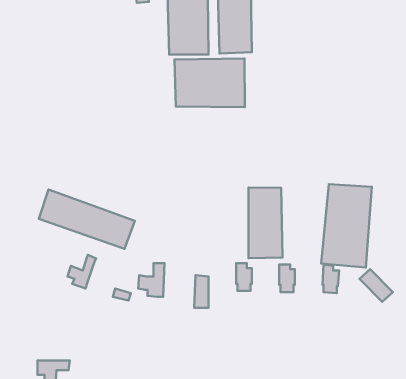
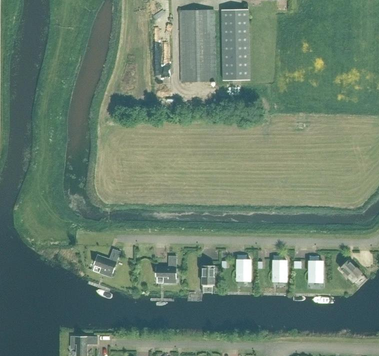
building: [175,58,245,107] -> none
building: [321,184,372,268] -> none
building: [249,188,282,258] -> none
building: [39,190,135,249] -> none

